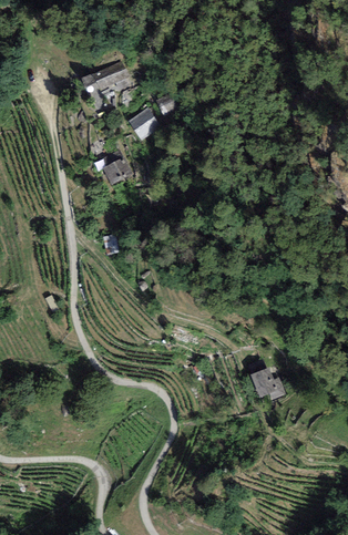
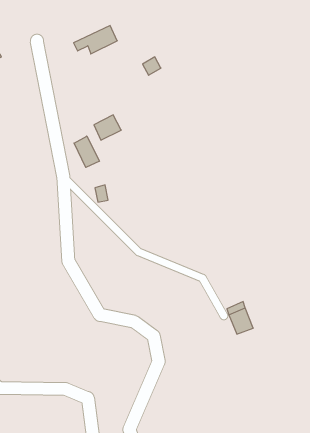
building: [129,109,161,140] -> none
building: none -> [74,136,99,167]

